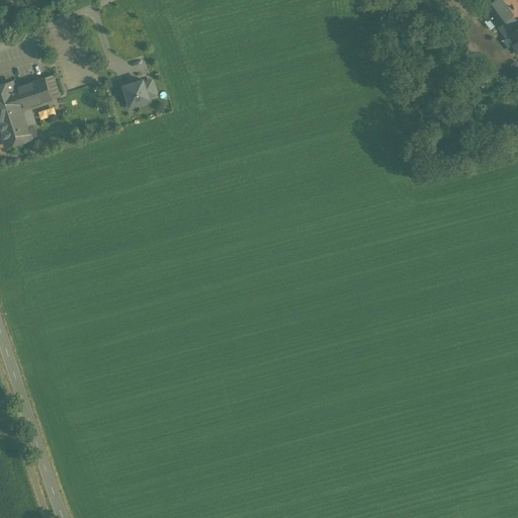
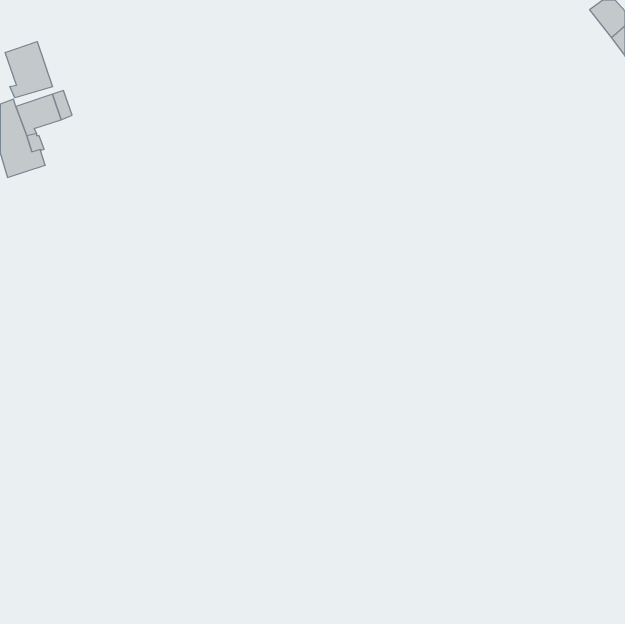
building: none -> [5,42,52,98]
building: [123,81,149,106] -> none

